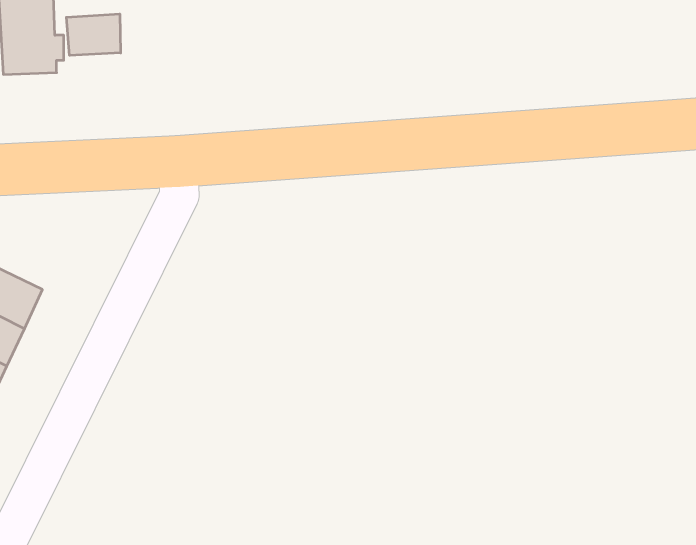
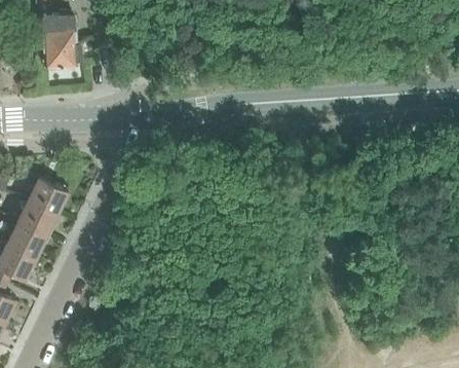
building: [66,14,121,55] -> none

